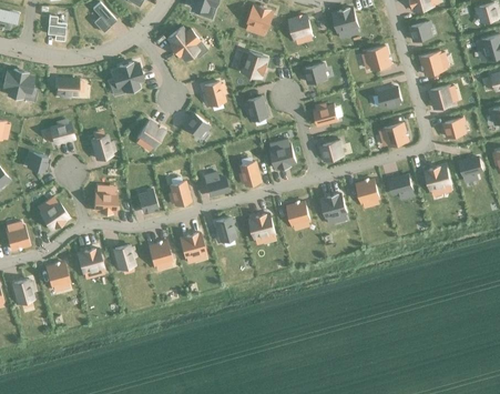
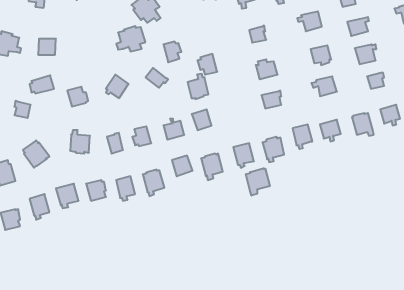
building: [239,50,266,78] -> none
building: [109,61,143,91] -> [116,26,145,51]
building: [271,139,295,169] -> [188,74,208,99]
building: none -> [246,168,270,196]

